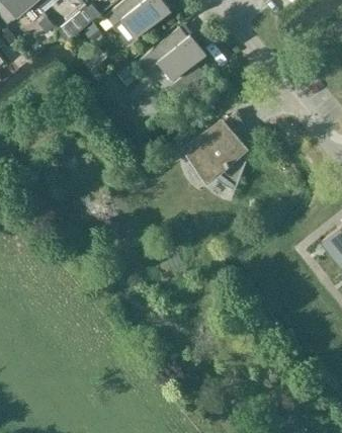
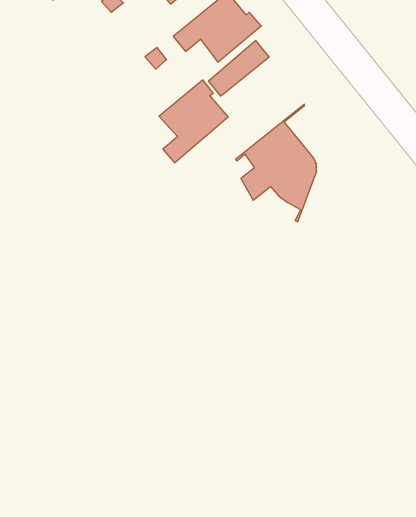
building: none -> [159,80,228,163]

